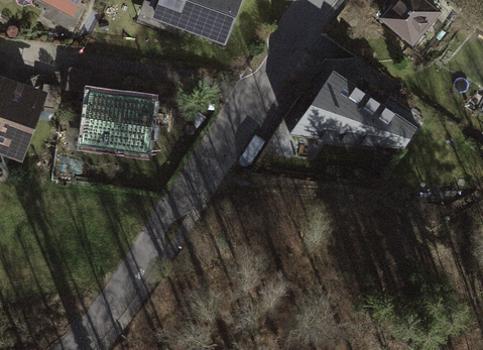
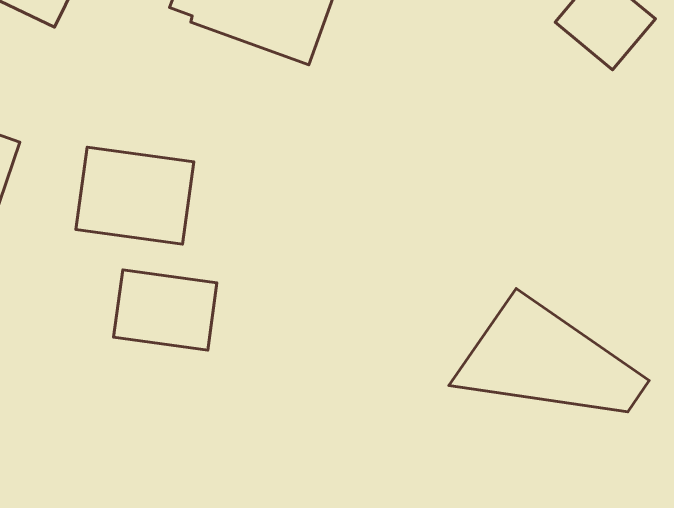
building: [292,73,415,148] -> [449,288,649,412]
building: none -> [114,270,217,350]

